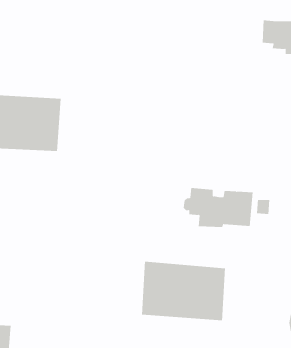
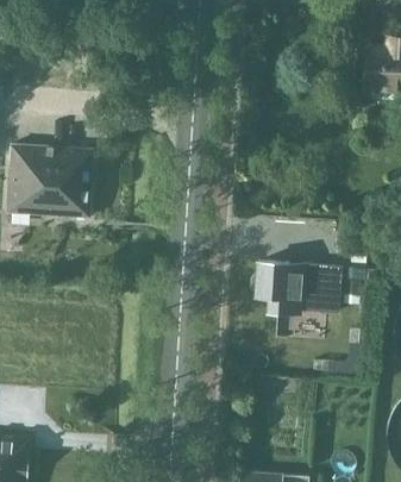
building: [141,261,226,321] -> none

